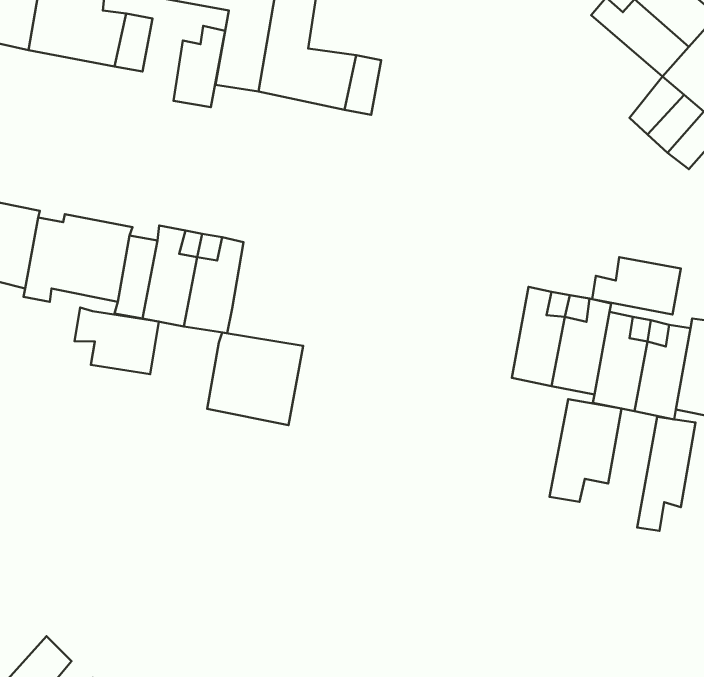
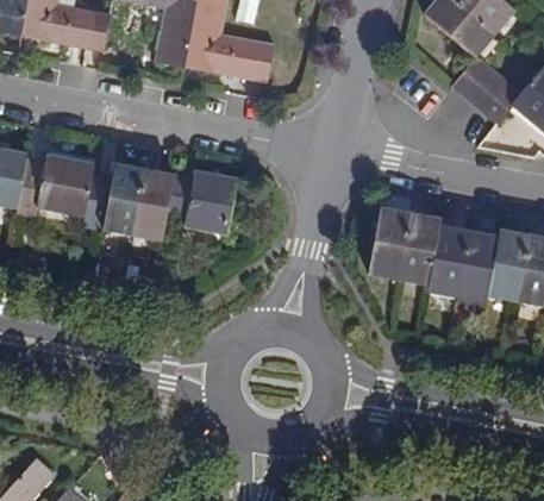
building: [173,26,225,107] -> none
building: [592,257,681,315] -> none
building: [74,308,159,374] -> none
building: [207,333,303,425] -> [168,169,237,236]
building: [549,399,622,502] -> none
building: [637,417,696,531] -> none

